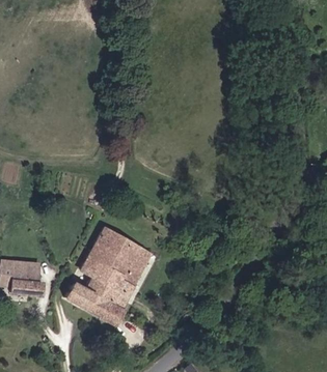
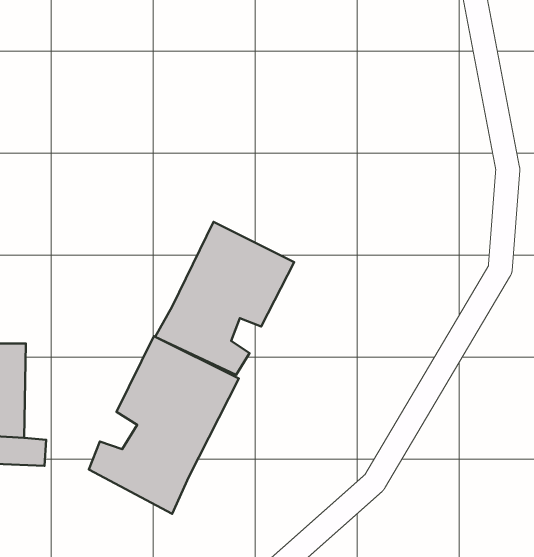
building: none -> [155,222,294,375]

